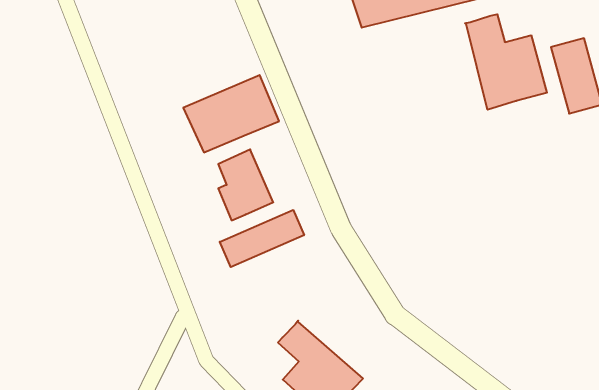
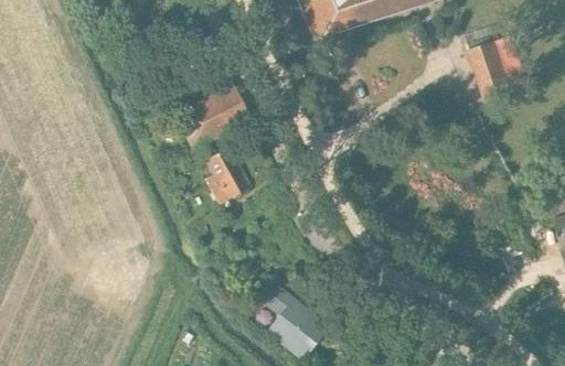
building: [465,14,547,110] -> none
building: [220,210,304,267] -> none

